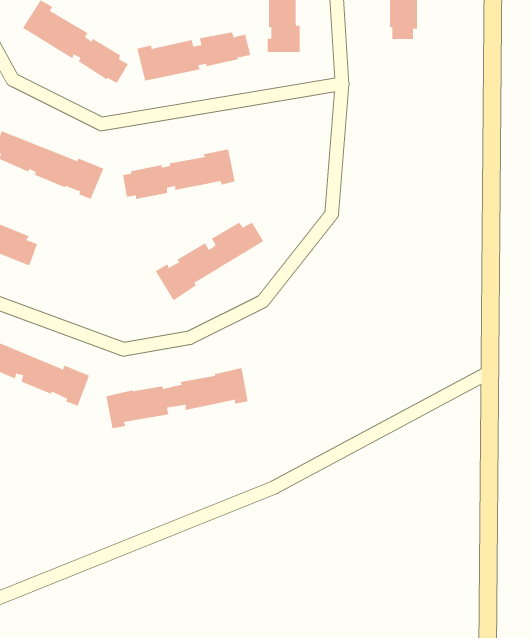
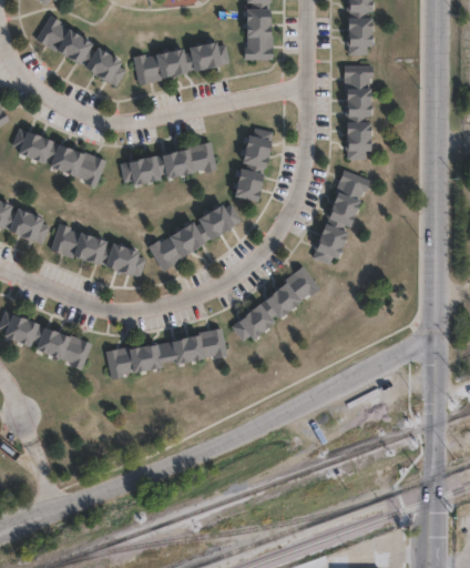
building: none -> [346,60,375,154]
building: none -> [232,128,273,201]
building: none -> [313,172,370,267]
building: none -> [51,224,146,277]
building: none -> [233,266,321,343]

